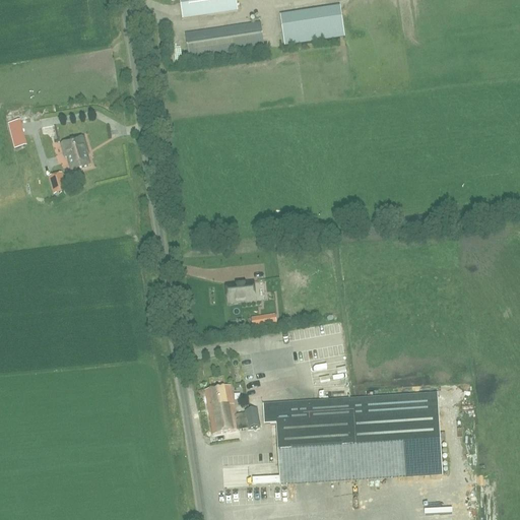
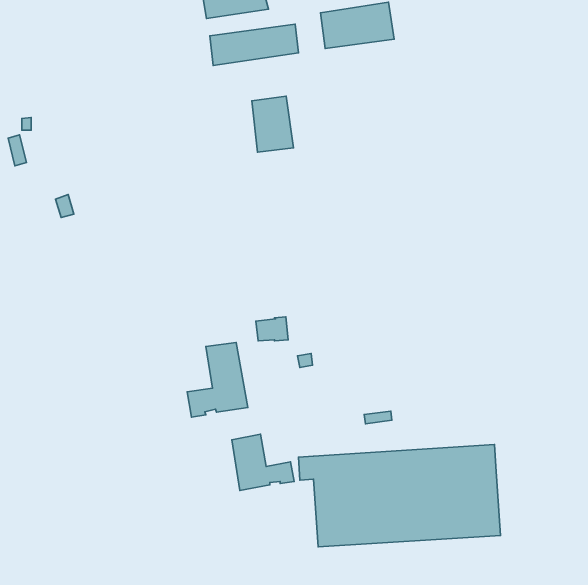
building: none -> [252,96,293,152]
building: [59,134,87,168] -> none
building: none -> [187,343,248,417]

